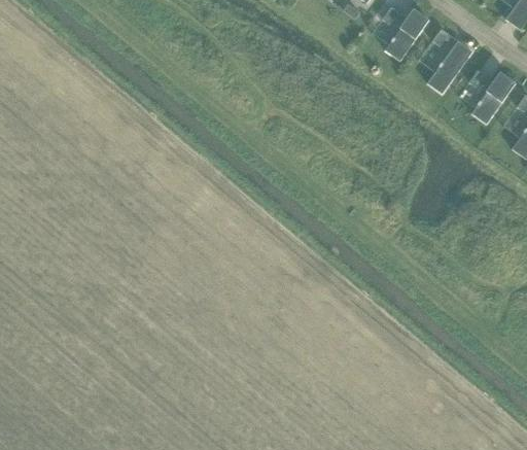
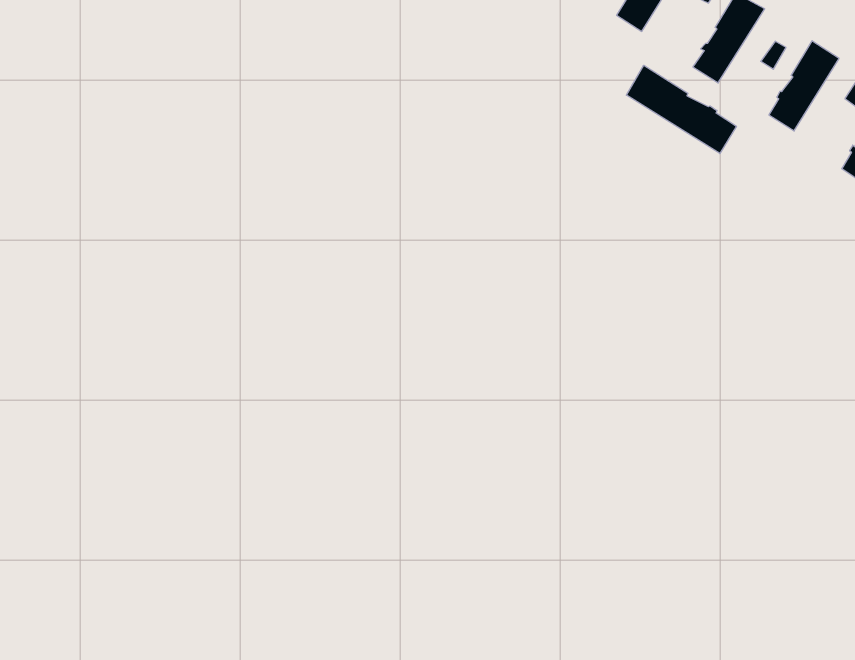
building: none -> [626,65,736,154]

